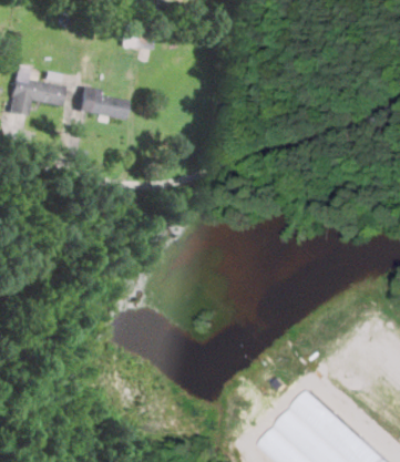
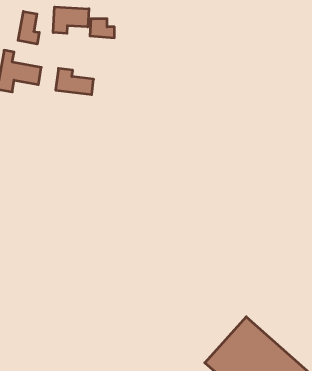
building: none -> [53,7,89,33]
building: none -> [18,11,39,44]

